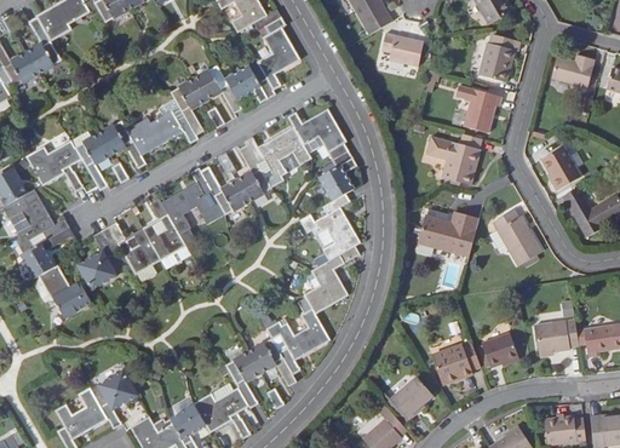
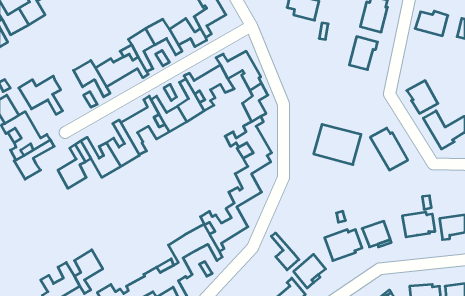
building: [74,133,110,190] -> none
building: [425,136,482,184] -> none
building: [38,263,90,316] -> none
building: none -> [271,233,299,270]

